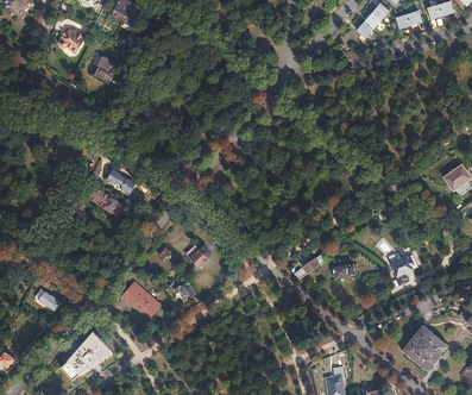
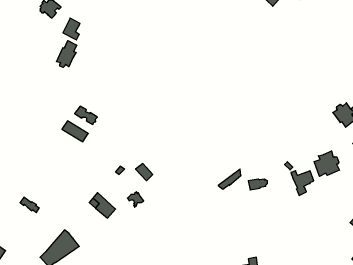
building: none -> [57,41,77,67]
building: none -> [314,151,339,176]
building: [402,325,447,370] -> none

